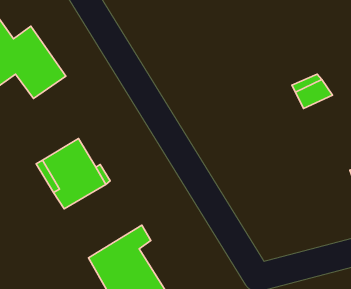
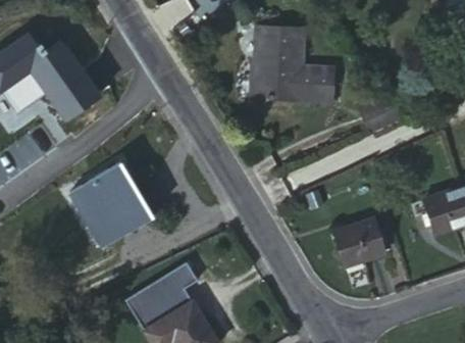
building: none -> [255,27,333,101]
building: none -> [332,218,385,266]

